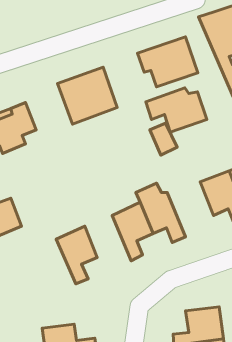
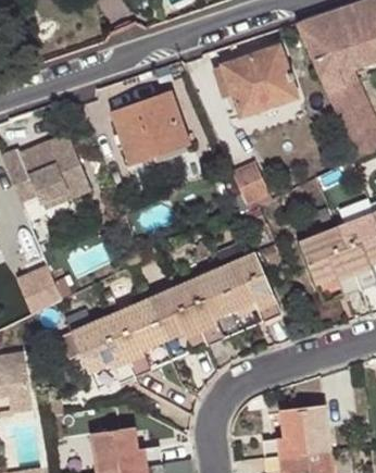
building: [146,88,207,132] -> none
building: none -> [147,285,208,352]
building: none -> [65,310,135,383]

